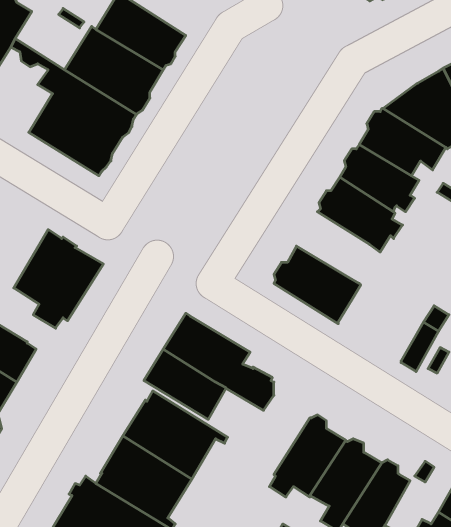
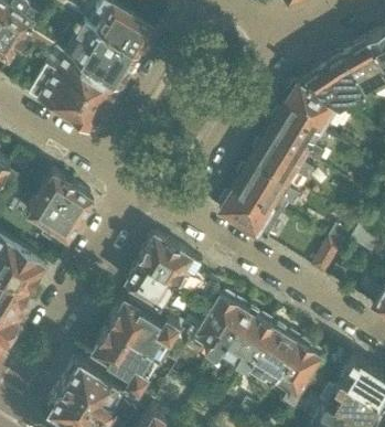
building: none -> [235,159,298,214]
building: none -> [190,295,245,357]

